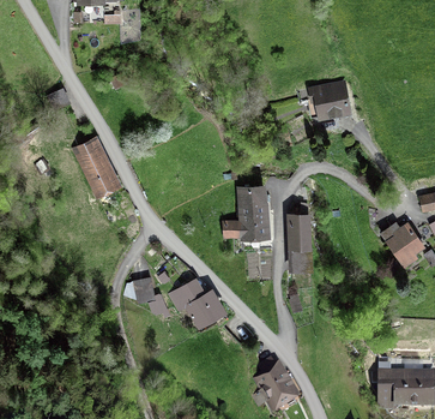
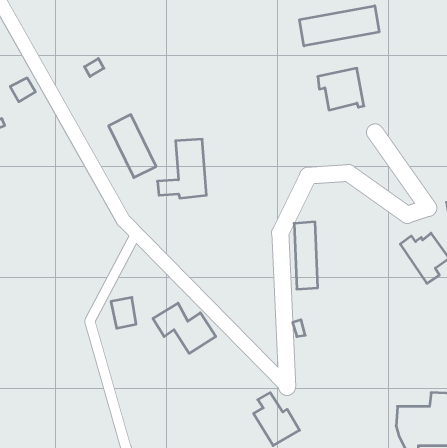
building: none -> [300,6,379,46]
building: [75,139,116,193] -> [109,115,156,178]
building: [224,186,266,237] -> [157,139,206,198]

